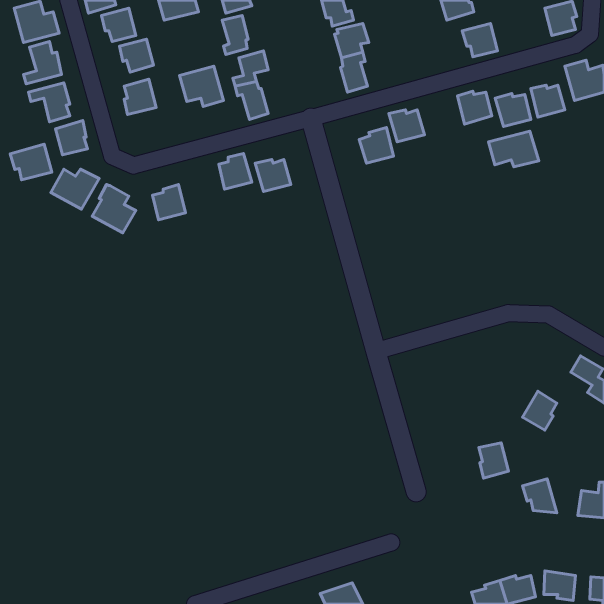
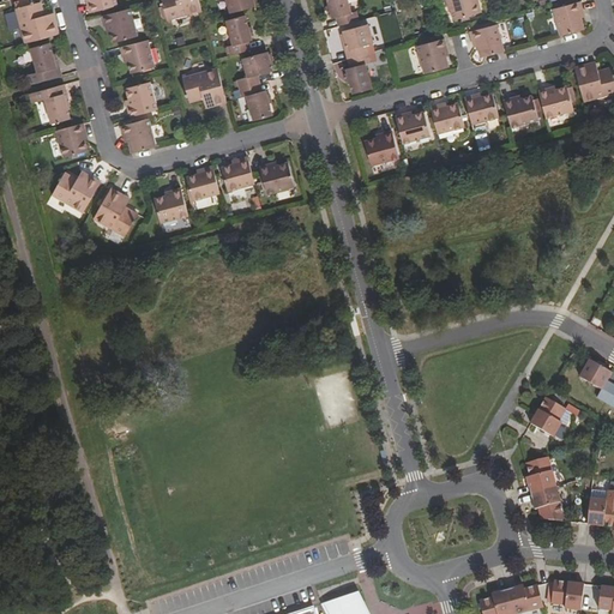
building: none -> [415,38,449,73]
building: none -> [429,102,464,134]
building: none -> [121,119,156,152]
building: [489,131,539,167] -> none
building: [10,144,52,180] -> none
building: none -> [187,165,221,201]
building: [479,443,508,478] -> [525,457,555,493]

